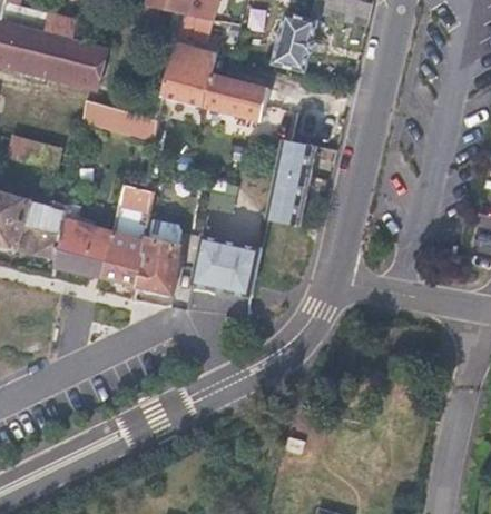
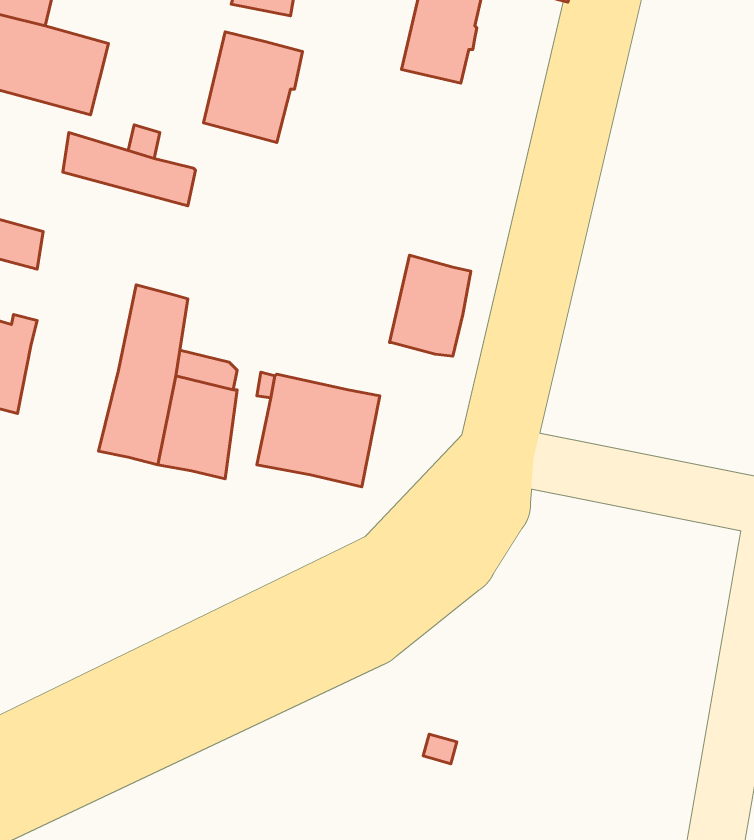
building: [202,75,267,120] -> none
building: [276,139,317,177] -> none
building: [53,202,112,278] -> none

